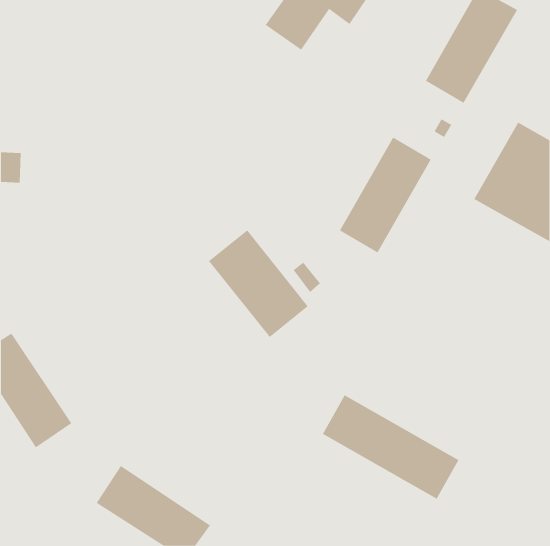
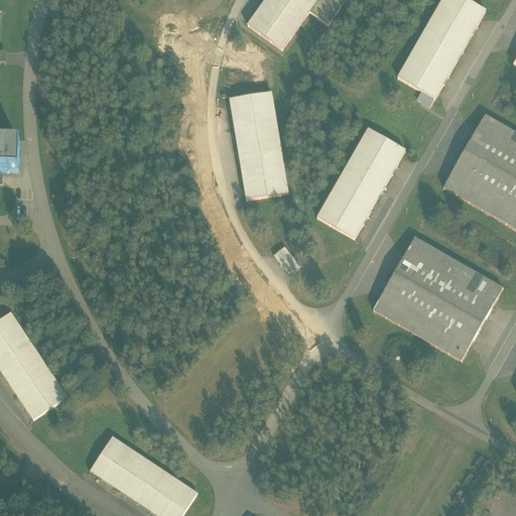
building: none -> [230,91,287,198]
building: [208,229,309,338] -> none
building: none -> [373,236,503,359]
building: [322,394,459,500] -> none

